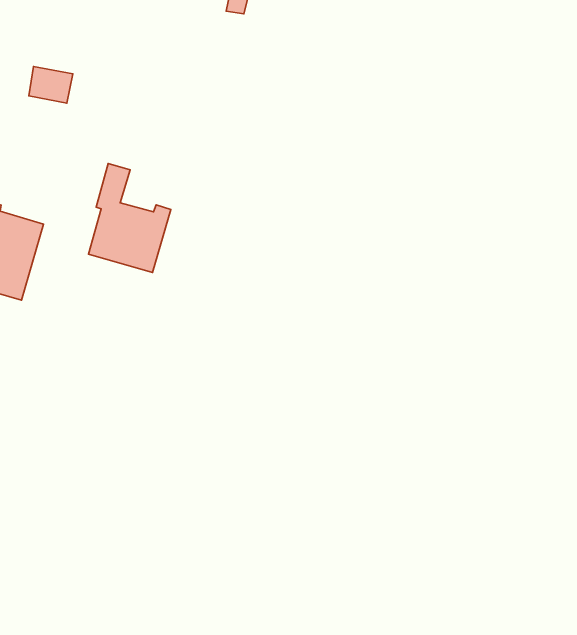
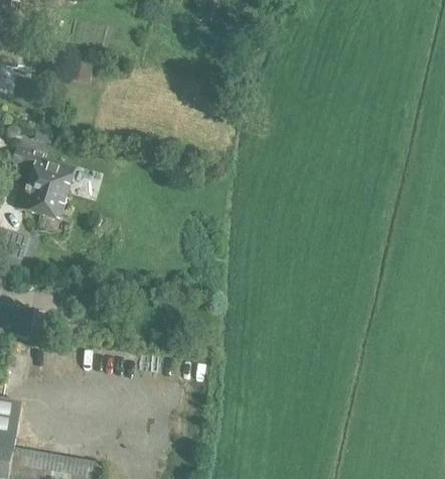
building: [88,163,171,272] -> none

